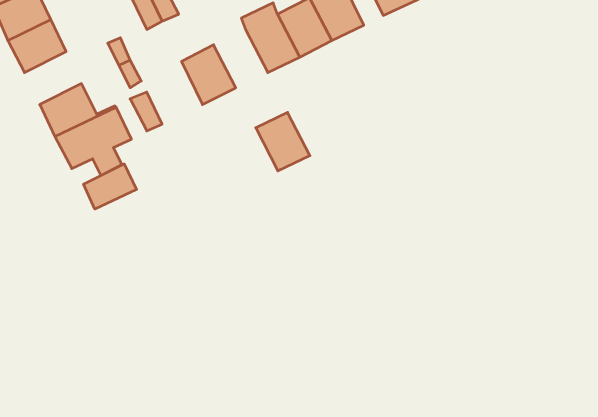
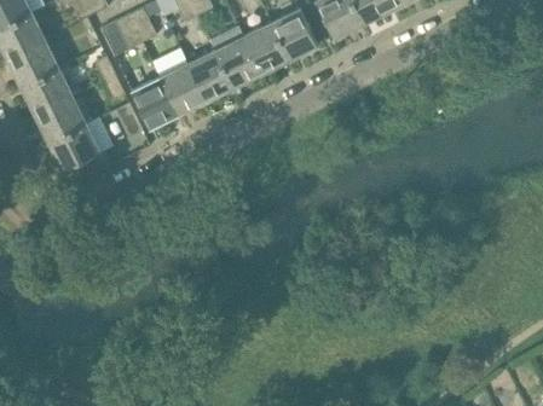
building: none -> [23,69,73,115]
building: none -> [132,77,178,128]
building: [256,112,310,171] -> [187,50,235,100]
building: [84,164,137,209] -> none

